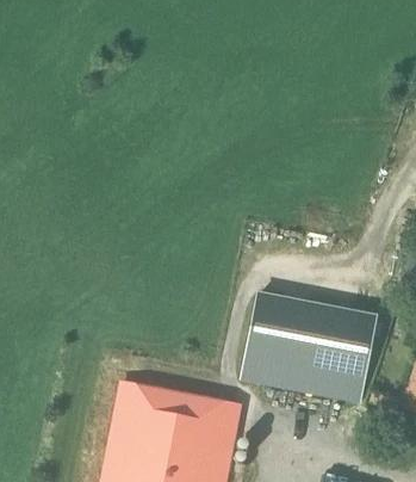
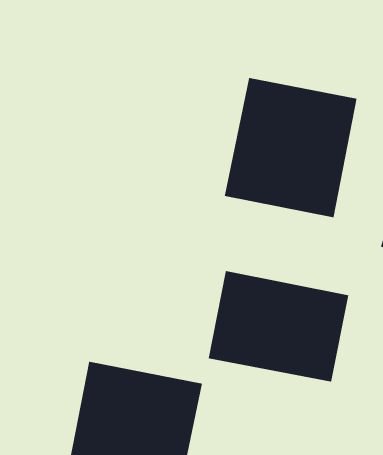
building: none -> [224,77,357,218]

